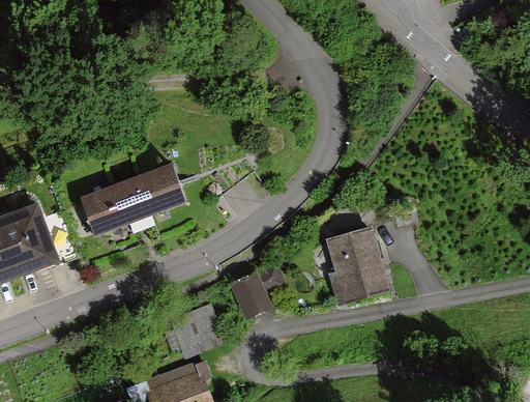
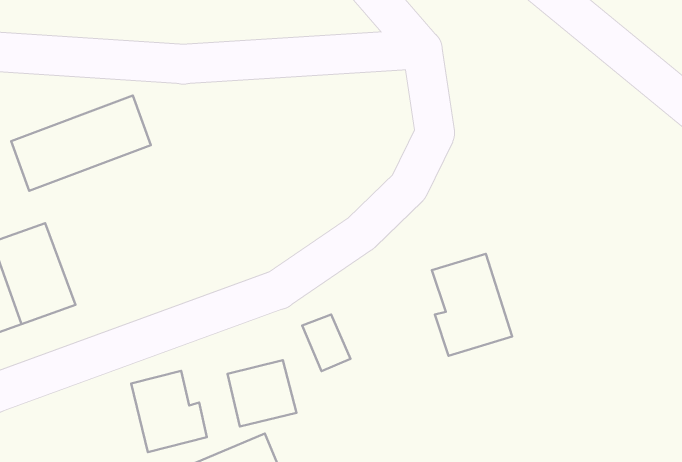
building: [79,166,183,237] -> [11,95,151,191]
building: none -> [131,371,207,452]

